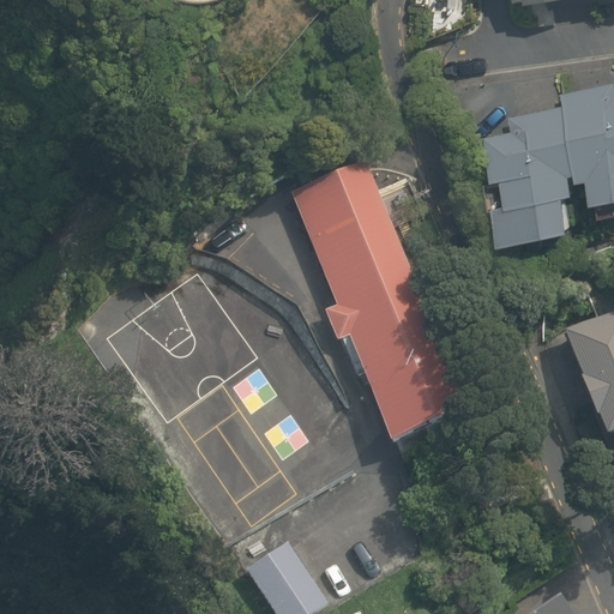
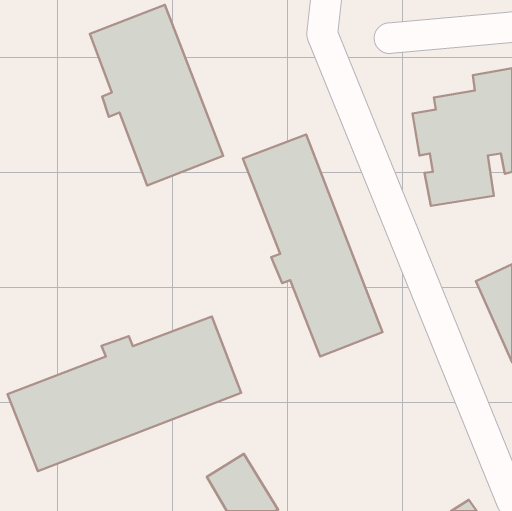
building: none -> [90,5,223,186]
building: none -> [8,316,241,471]

